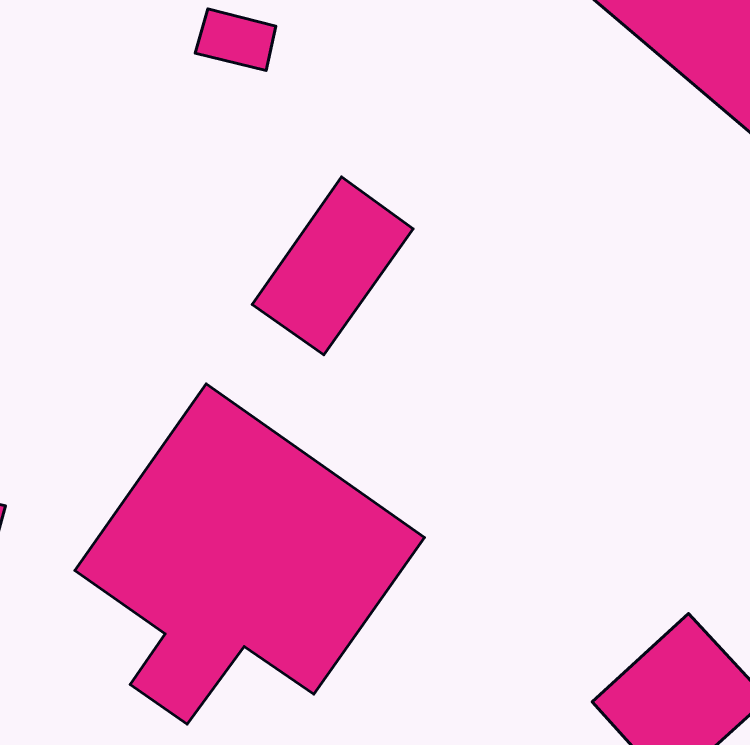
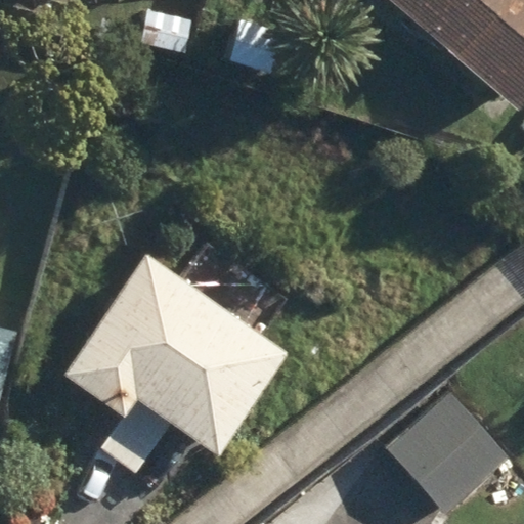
building: [252,177,413,355] -> none

